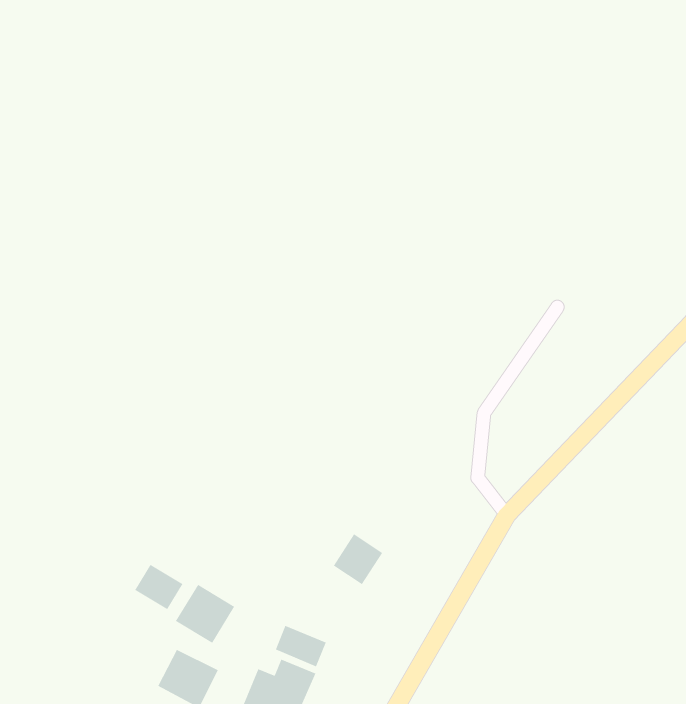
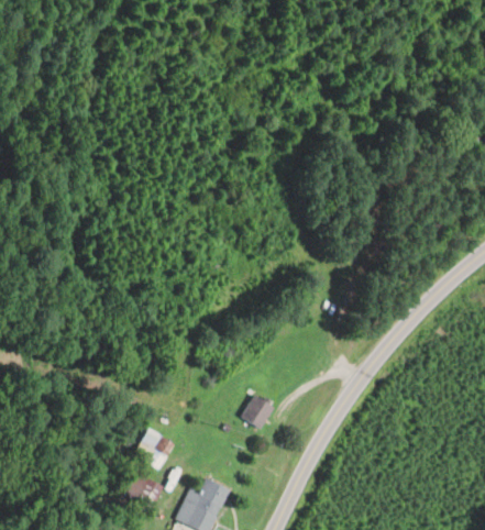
building: [134,564,184,610] -> none
building: [275,625,327,667] -> none

